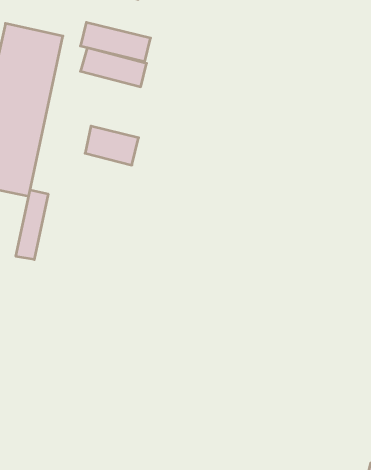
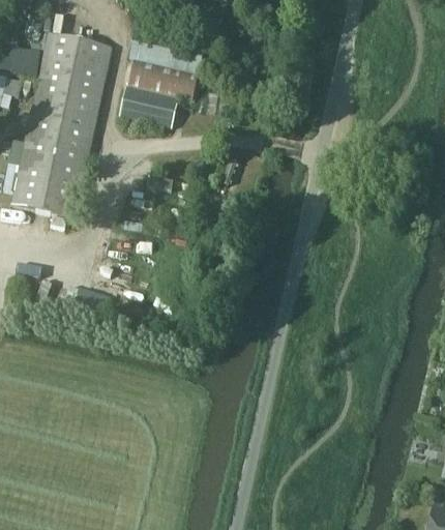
building: [85,126,139,165] -> [120,84,177,125]
building: [16,190,48,260] -> none

